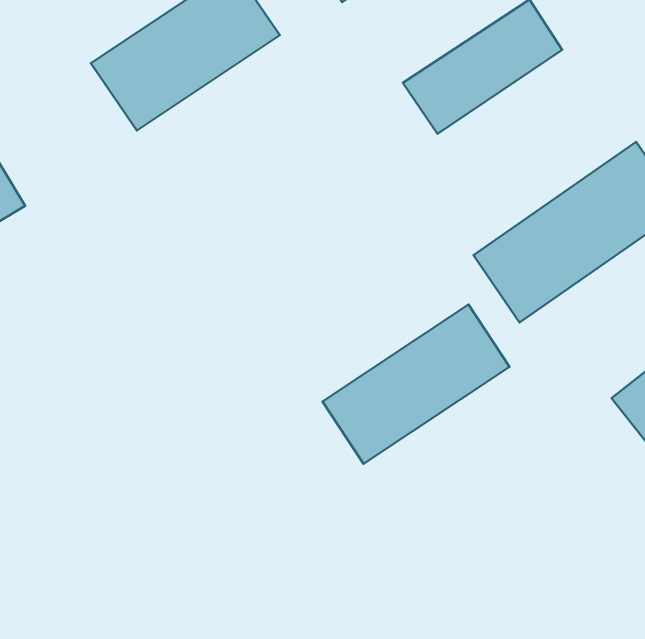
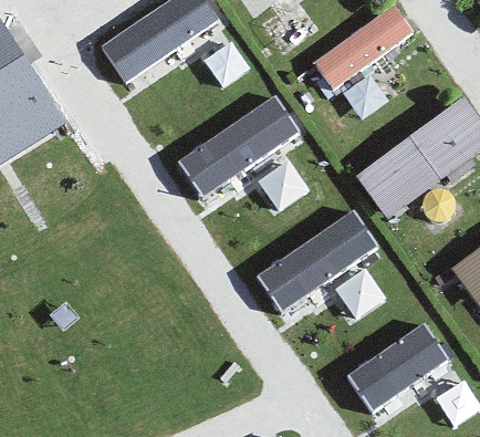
building: none -> [177,95,303,197]
building: none -> [347,330,448,409]

